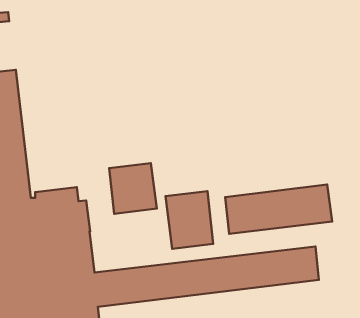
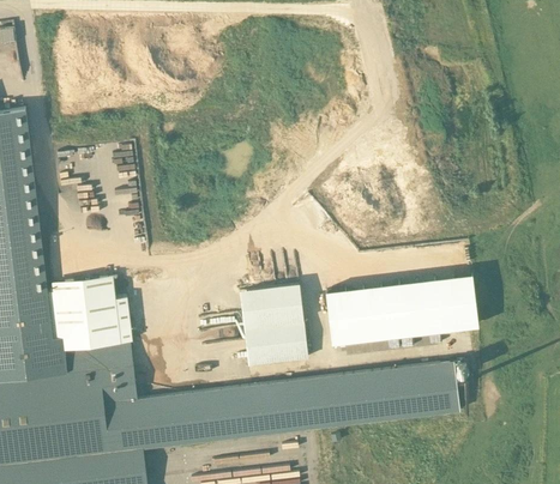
building: [109,163,157,214] -> none

